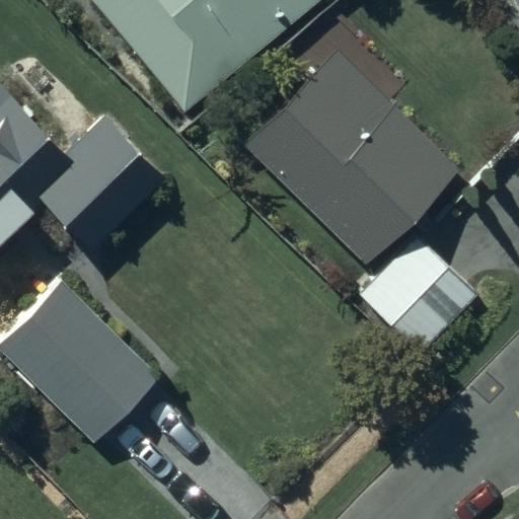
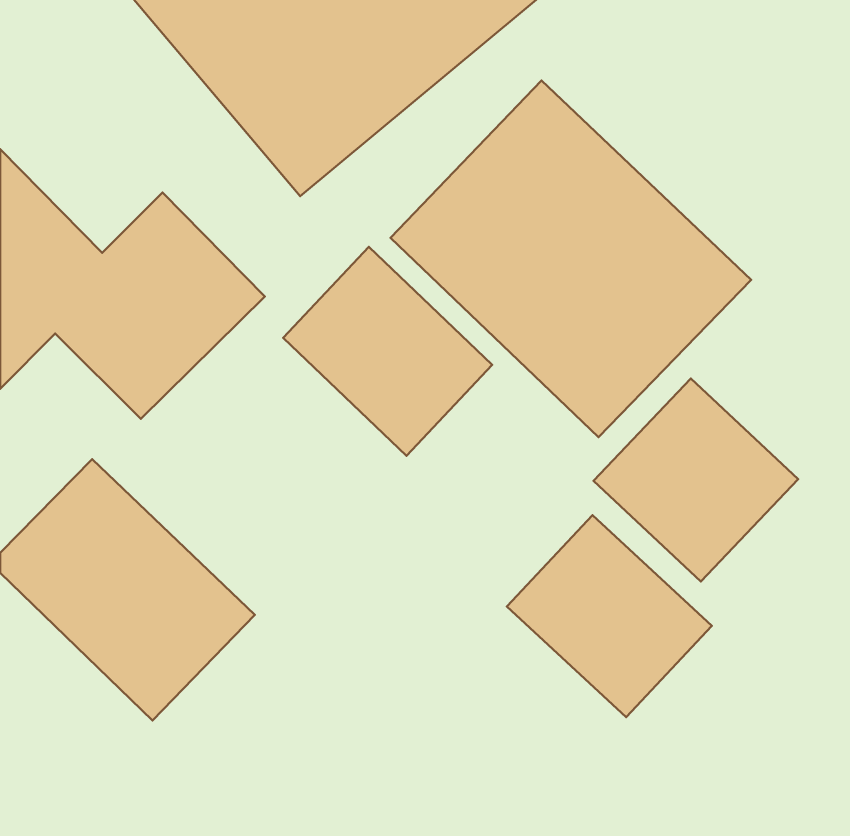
building: none -> [283,247,492,456]
building: none -> [507,515,712,717]

